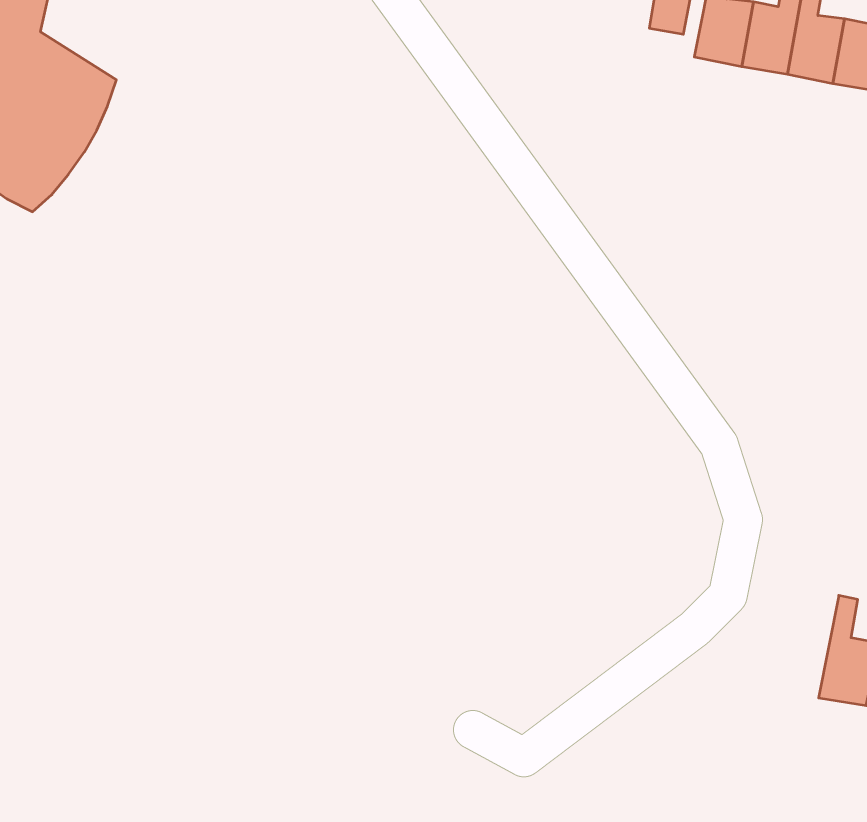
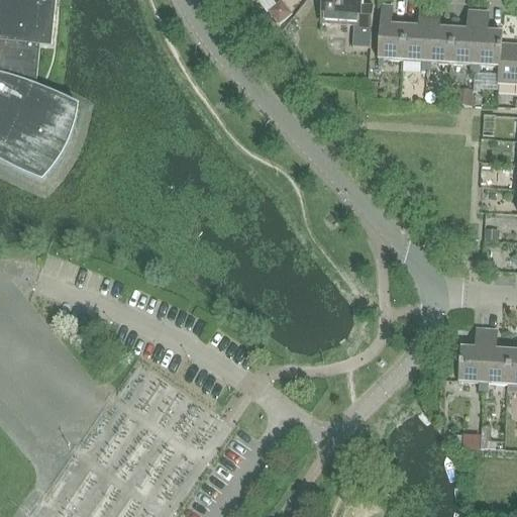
building: none -> [458,326,487,381]

